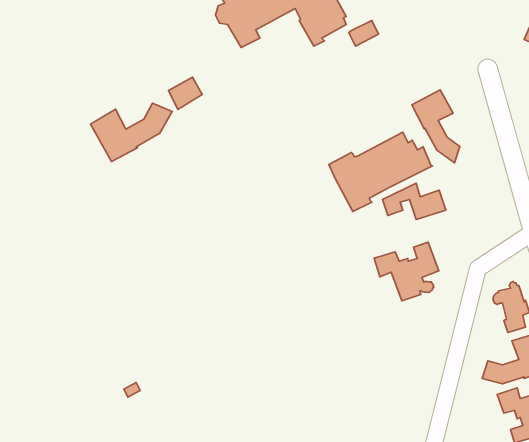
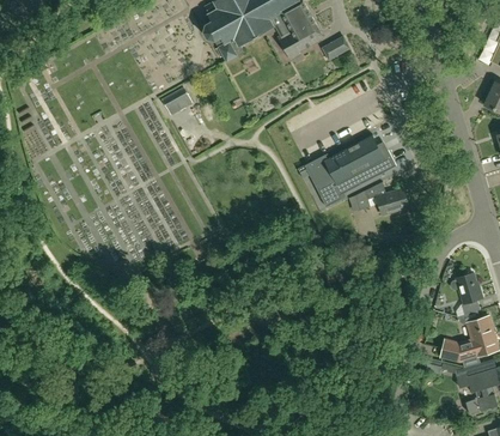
building: [412,90,460,163] -> none
building: [91,103,172,162] -> none
building: [374,242,439,301] -> none

